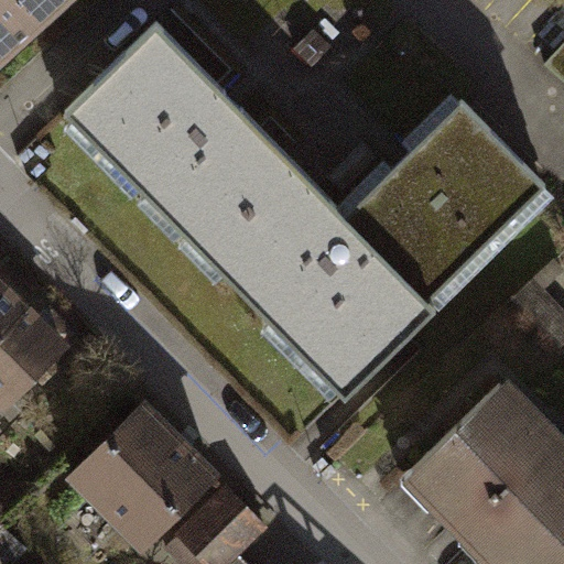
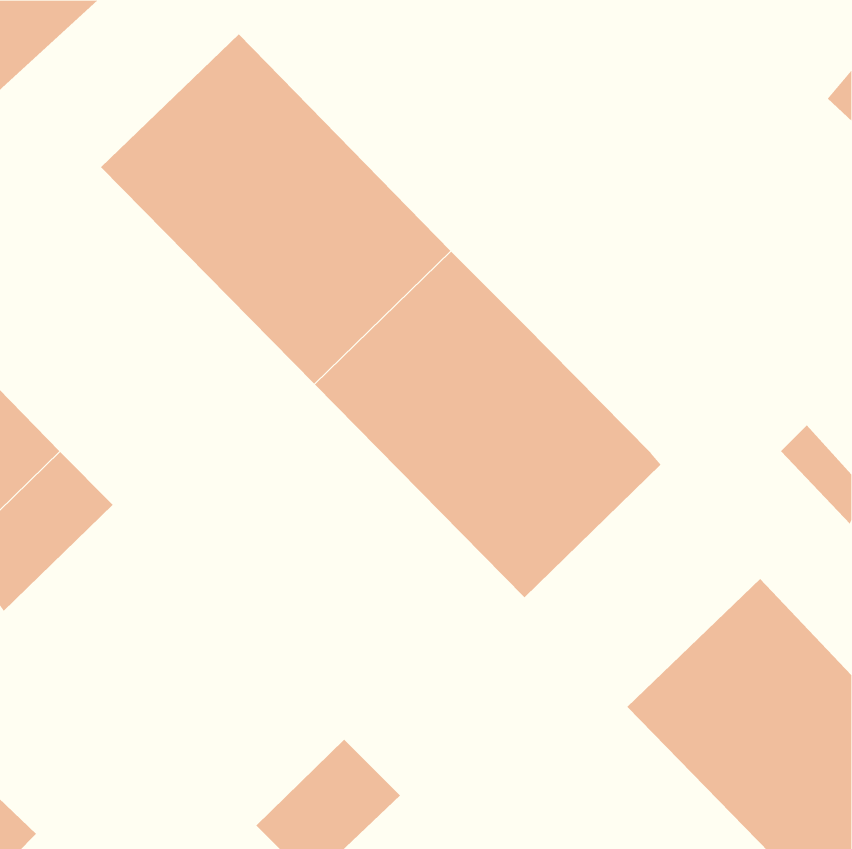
building: [346,101,546,302] -> none
building: [70,405,215,550] -> none

